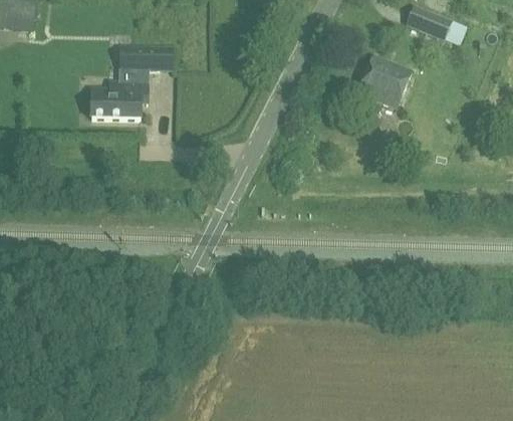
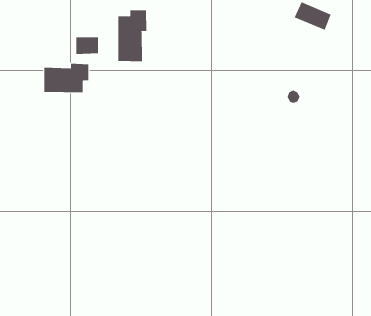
building: none -> [118,9,147,62]
building: [357,54,412,108] -> none

